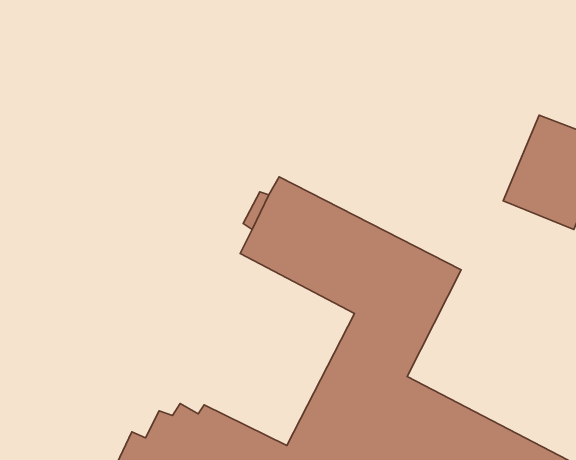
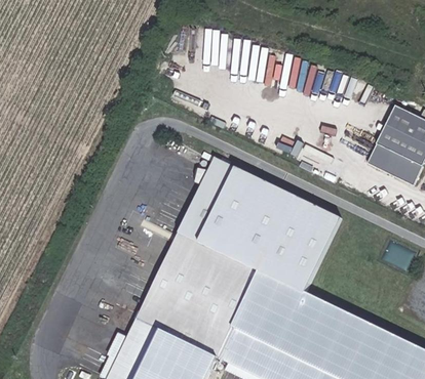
building: none -> [137,205,270,336]

